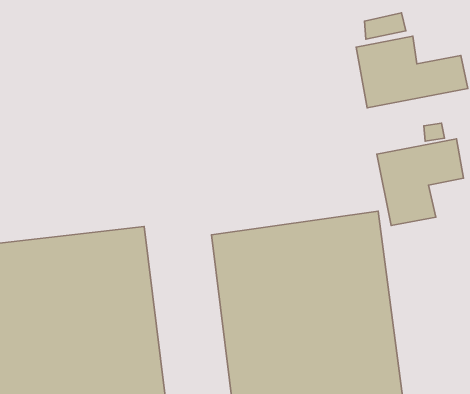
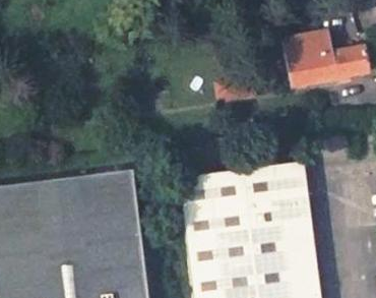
building: [377,139,463,226] -> none

